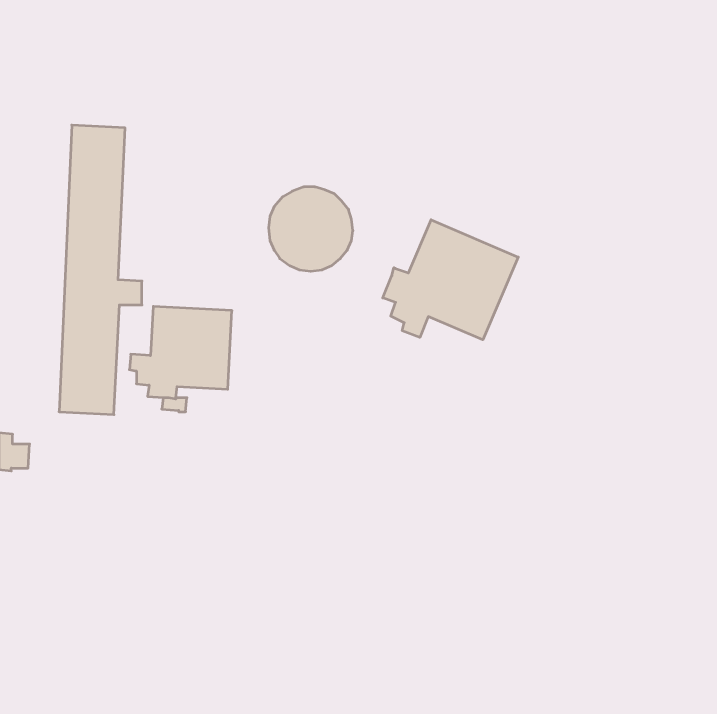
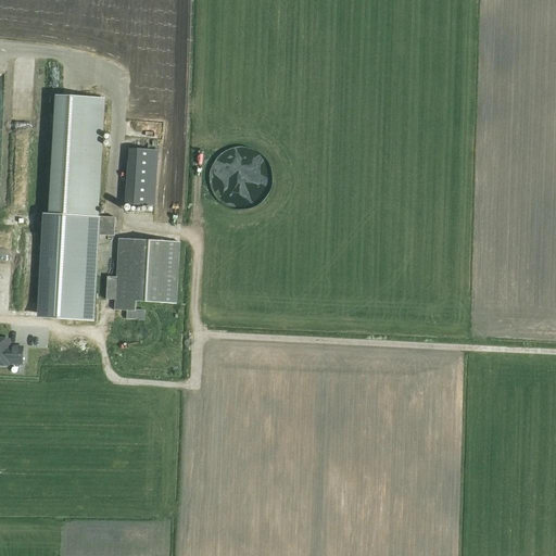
building: none -> [125,147,157,203]
building: [383,220,518,340] -> none

